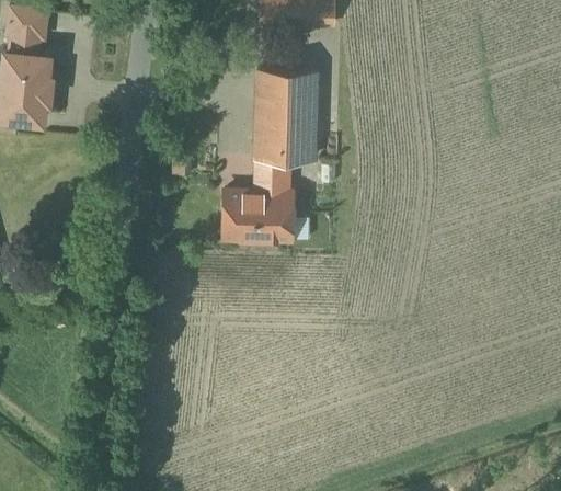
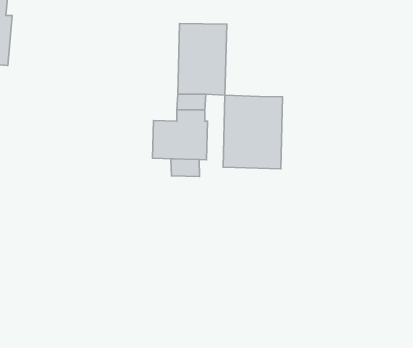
building: none -> [223,95,283,169]
building: none -> [171,159,200,177]

